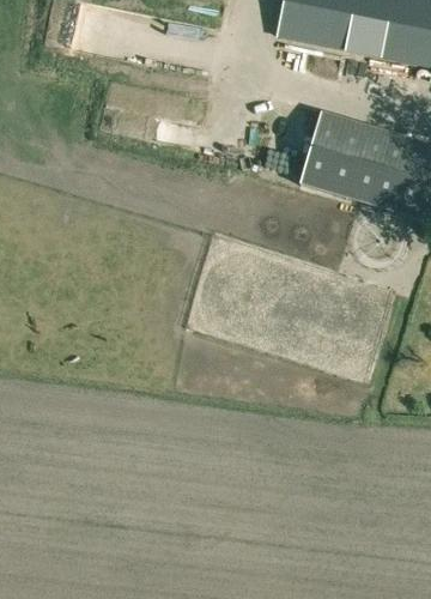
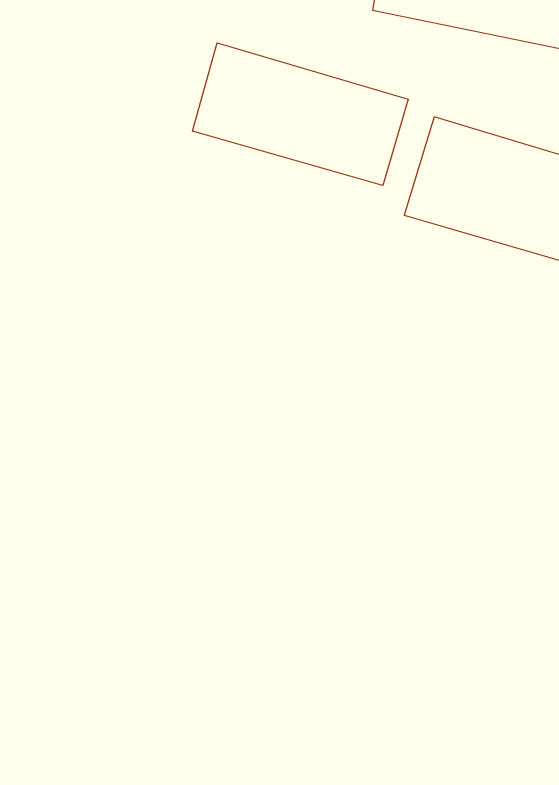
building: none -> [192,43,408,185]

